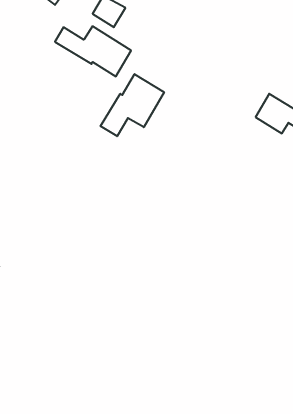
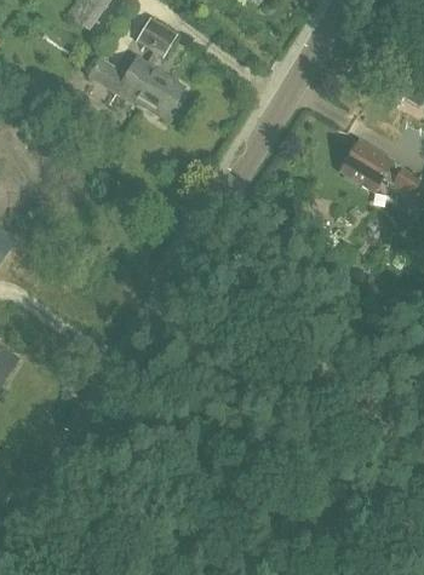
building: [101,74,164,136] -> none

